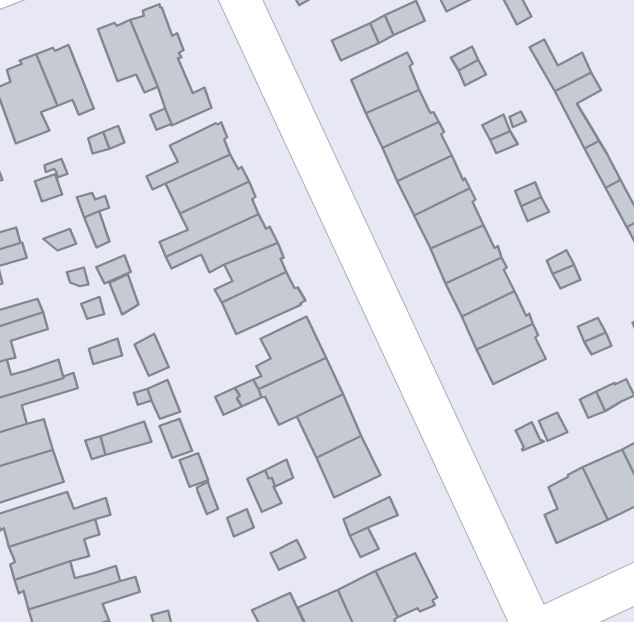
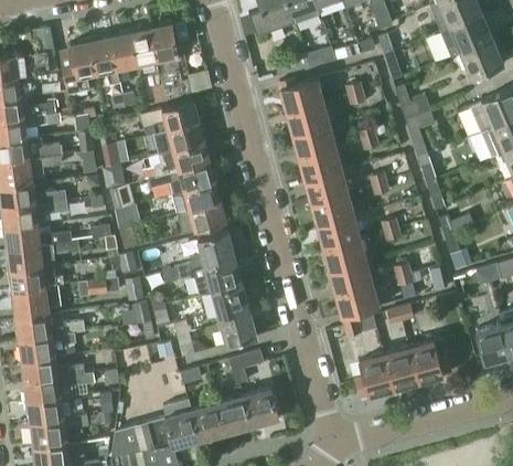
building: none -> [109,31,136,80]
building: none -> [335,283,380,317]

